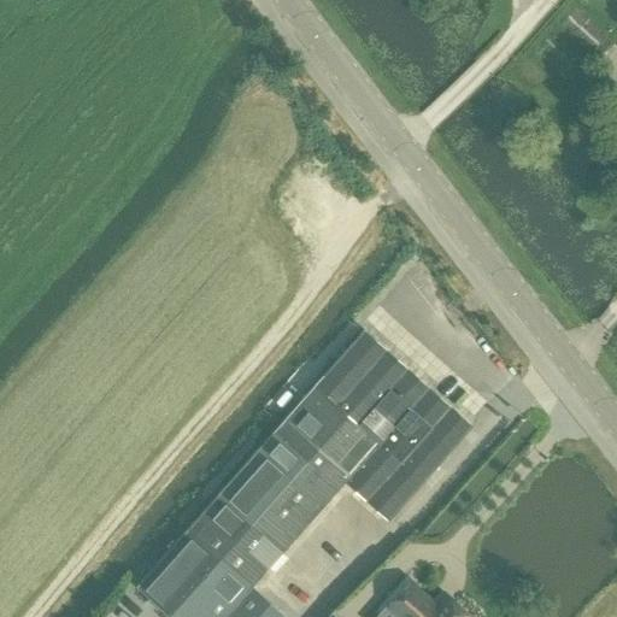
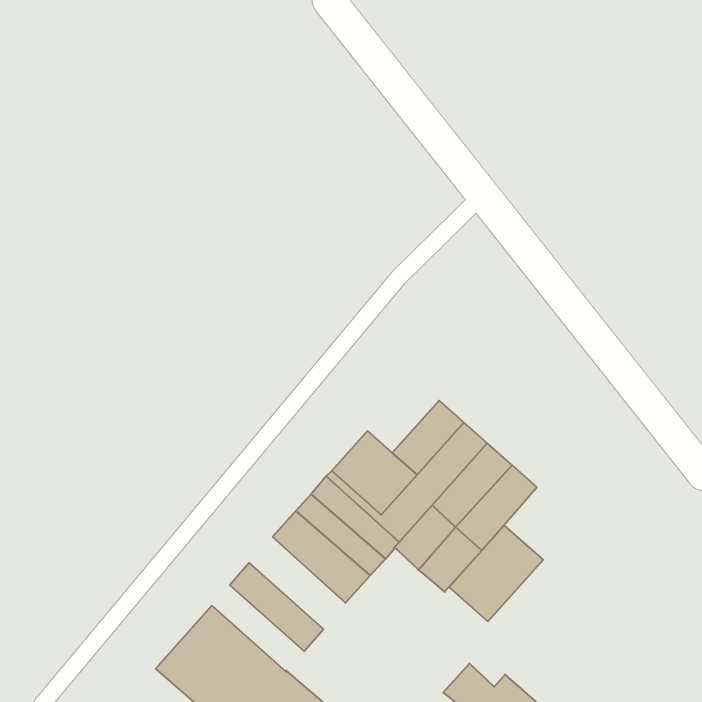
building: [323,333,386,398] -> none
building: none -> [449,525,543,621]
building: [219,471,304,552] -> none
building: [187,513,268,589] -> none

